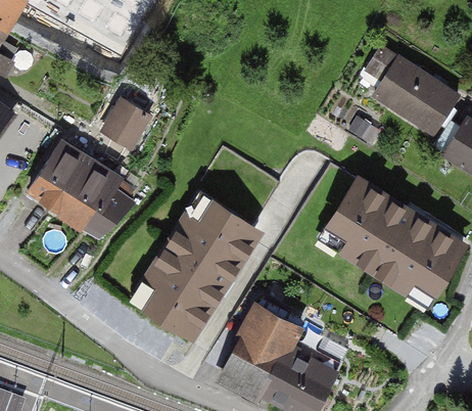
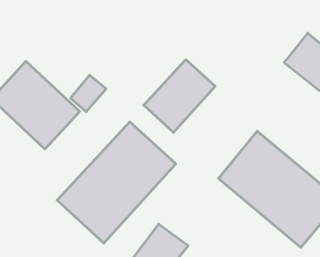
building: [100,100,141,145] -> [71,75,106,112]
building: none -> [144,60,215,133]

